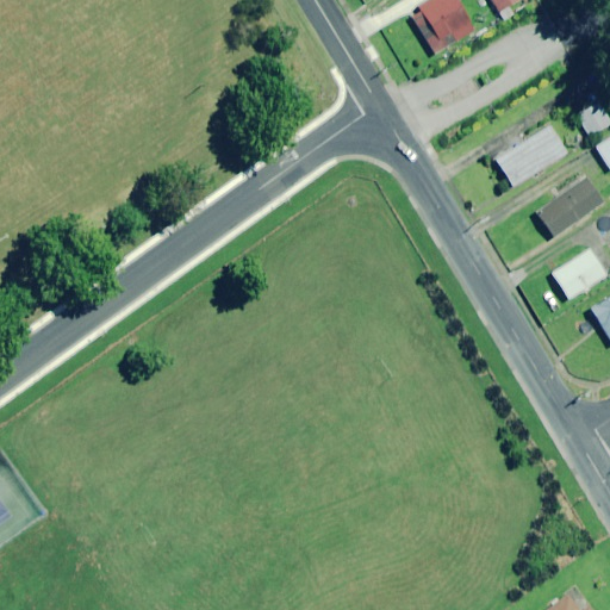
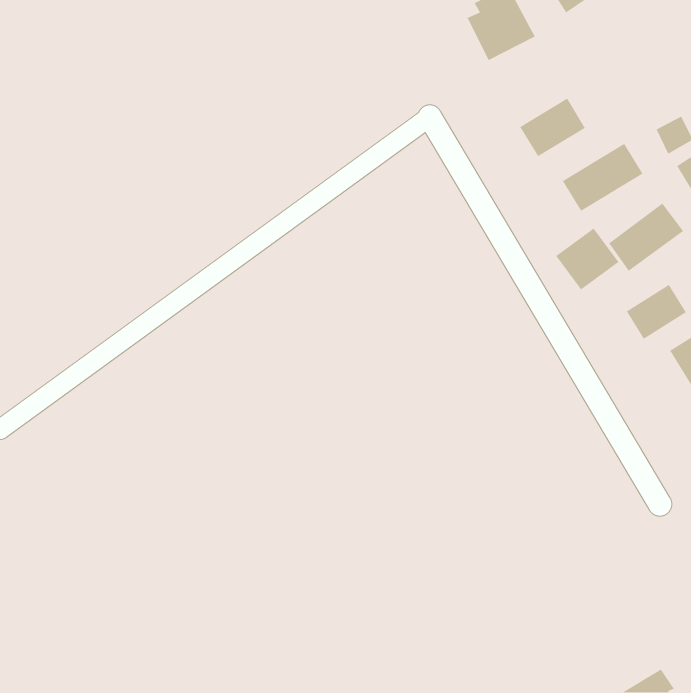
building: none -> [519,98,586,157]
building: none -> [555,228,619,290]

